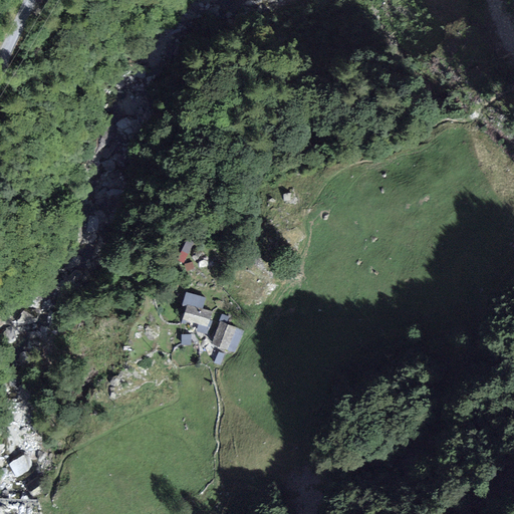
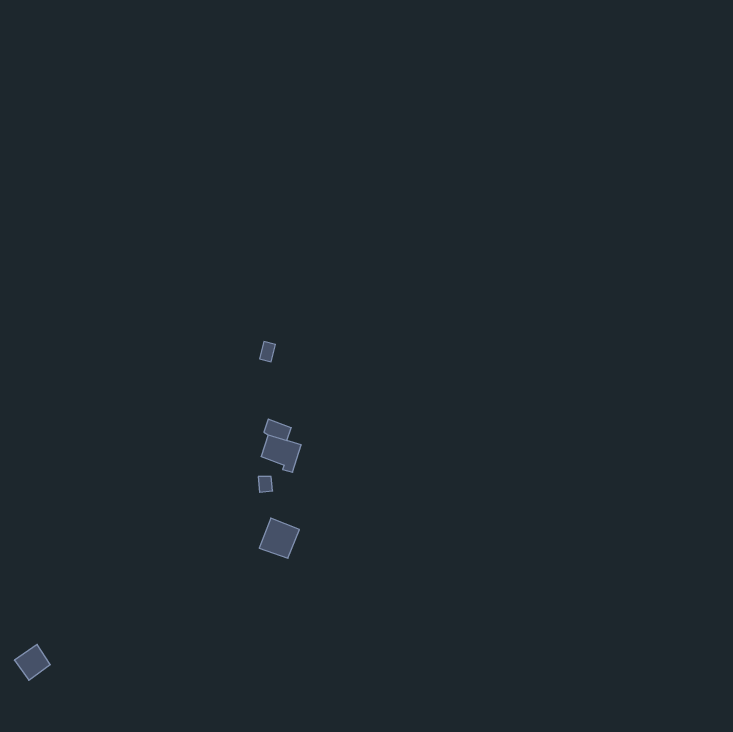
building: [213,321,241,349] -> [259,518,299,558]

